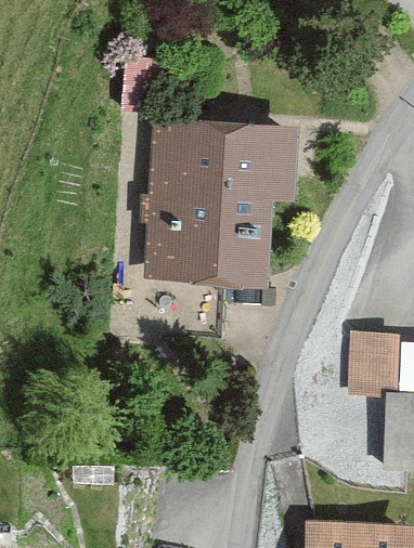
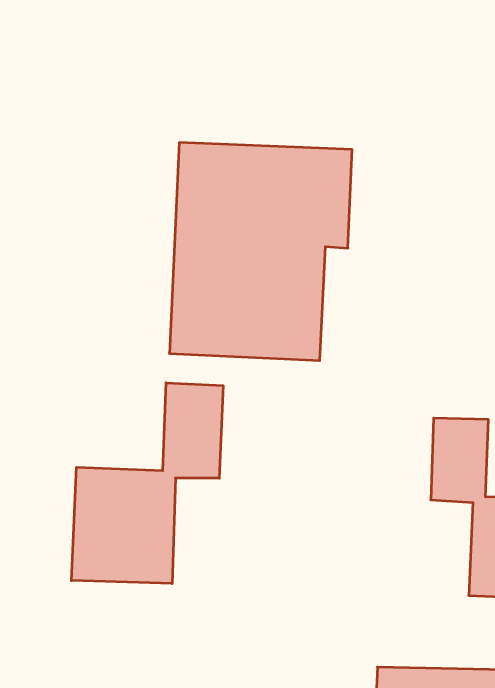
building: none -> [71,383,223,584]

